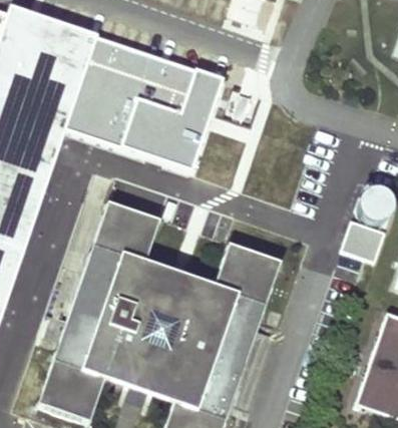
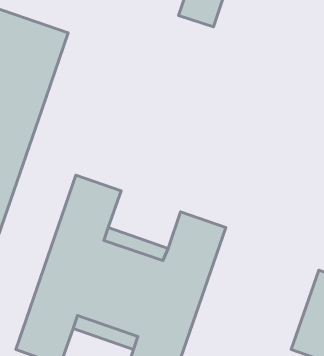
building: [68,38,222,168] -> none

